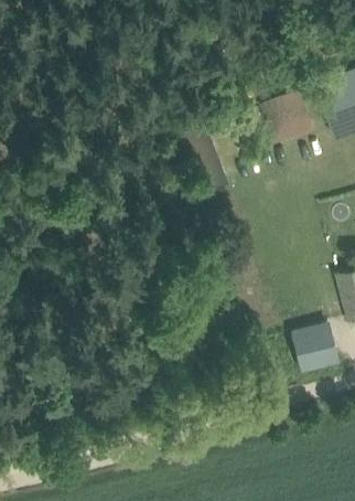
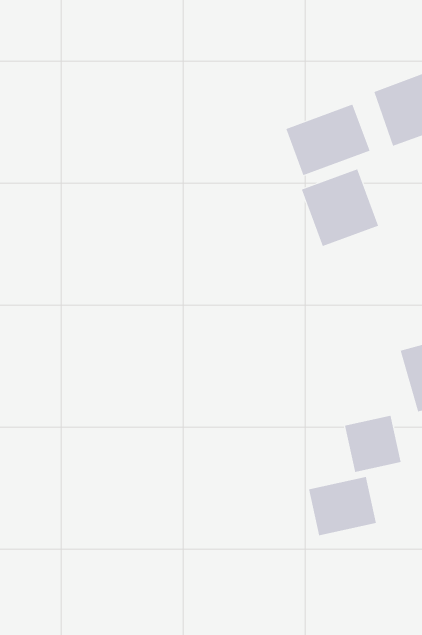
building: none -> [301,168,379,247]
building: none -> [309,476,376,536]

